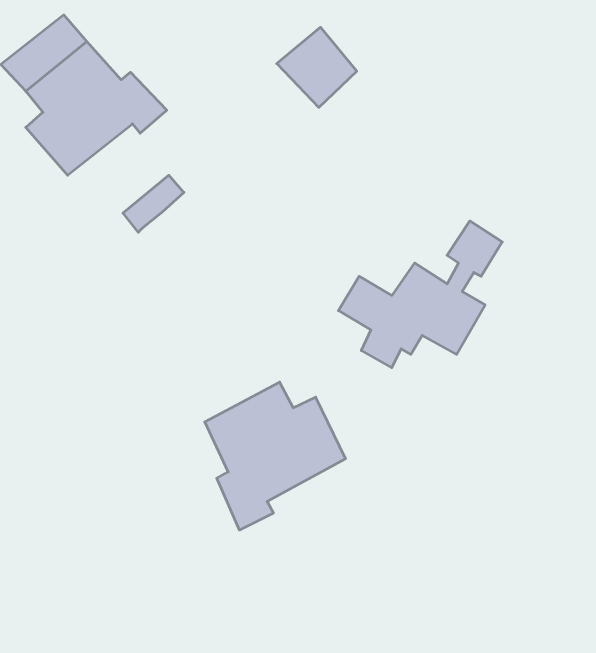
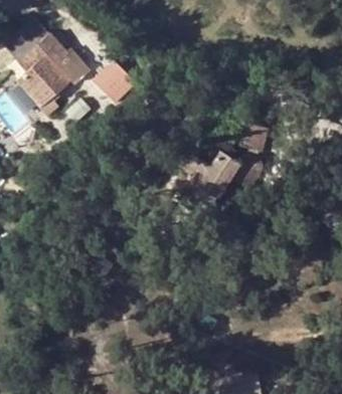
building: [277,27,357,107] -> [97,61,139,104]
building: [205,382,345,530] -> none

